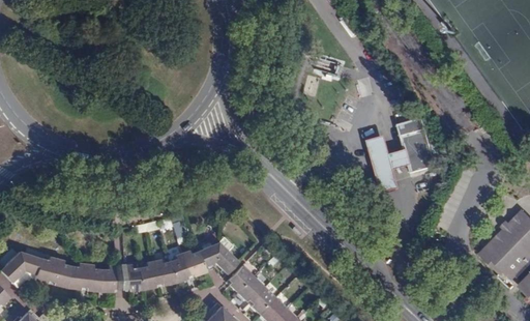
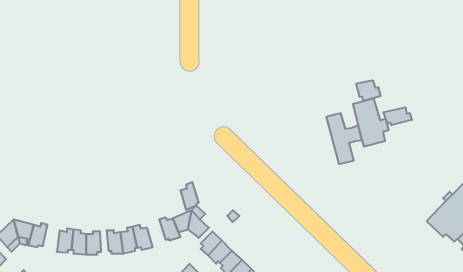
building: none -> [356,80,381,101]
building: none -> [384,107,412,125]
building: [169,252,189,283] -> [180,182,199,210]
building: [52,258,70,288] -> none

